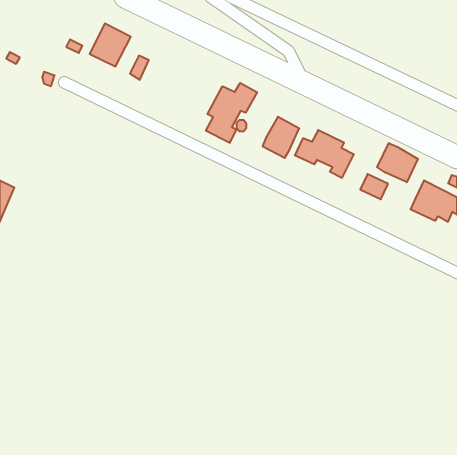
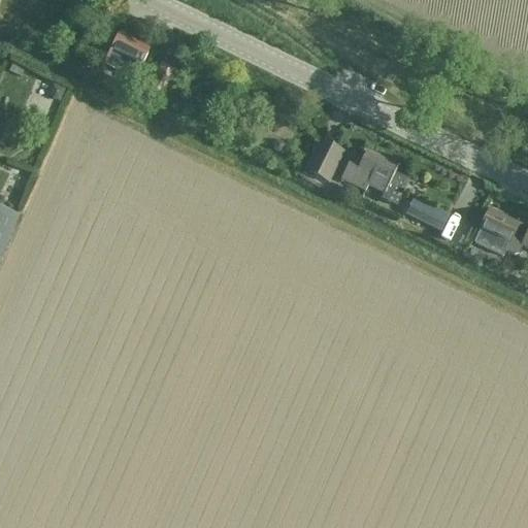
building: [206,83,257,143] -> none
building: [377,143,418,182] -> none

